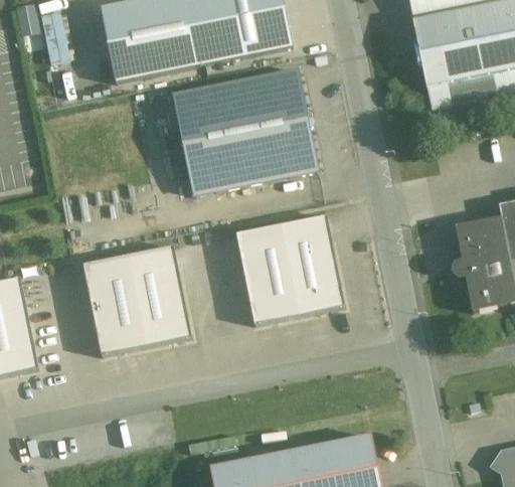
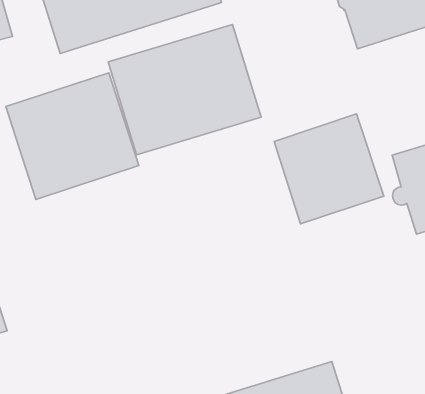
building: none -> [6,73,139,199]
building: [234,214,344,324] -> [274,114,384,224]
building: [82,248,189,354] -> none

